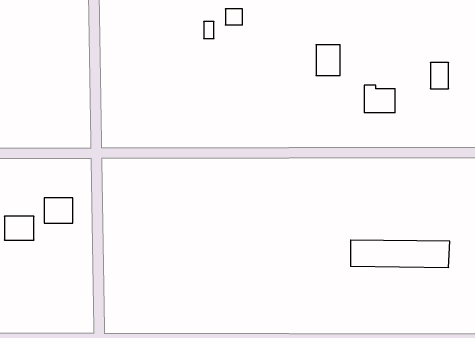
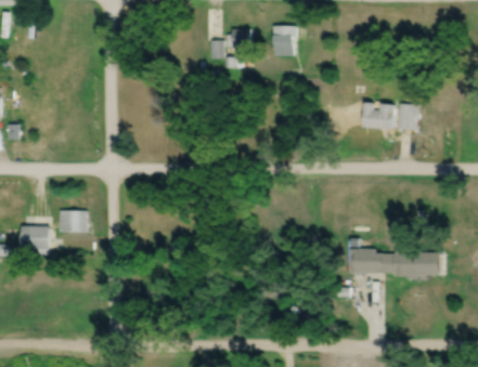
building: [316,45,340,76] -> [271,26,294,55]
building: [430,63,449,89] -> [398,104,415,129]

